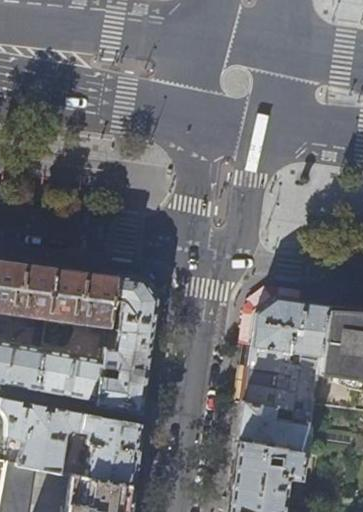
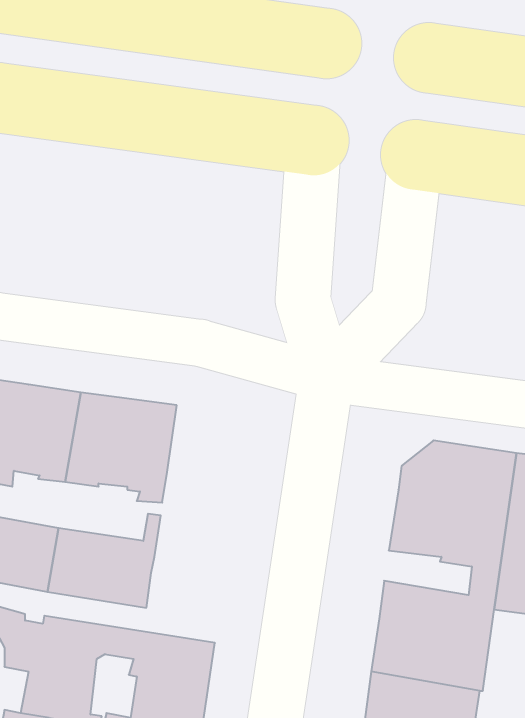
building: [96,275,157,413] -> none

